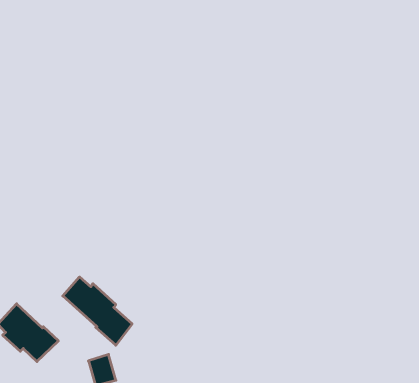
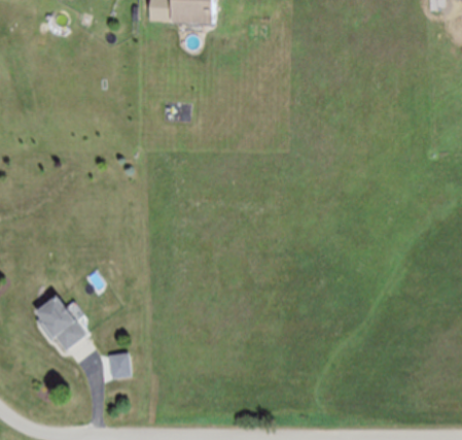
building: [63,277,132,345] -> none

